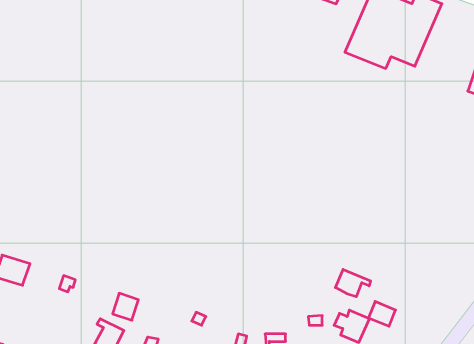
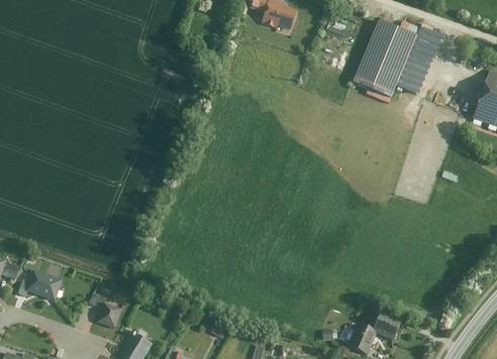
building: [335,269,371,297] -> none
building: [113,293,138,320] -> [97,302,121,327]

